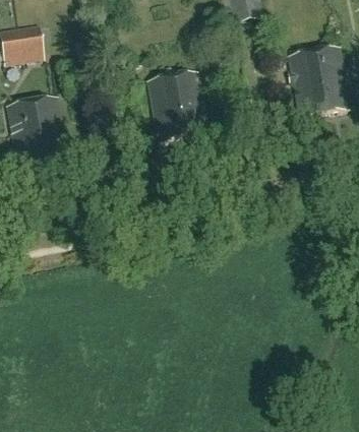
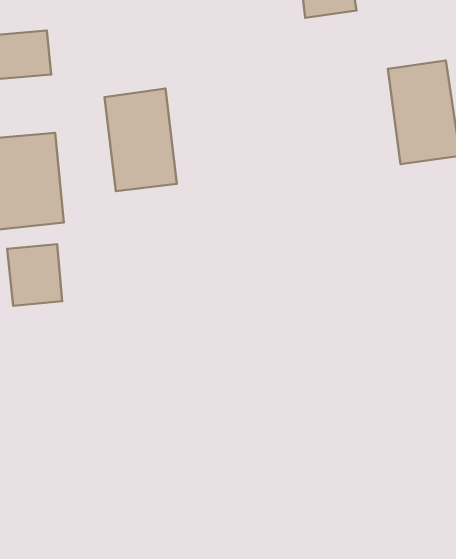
building: [153,68,204,141] -> [104,89,177,191]
building: none -> [7,244,62,306]

